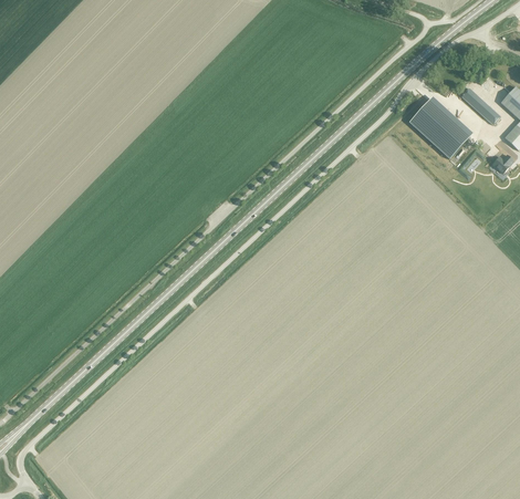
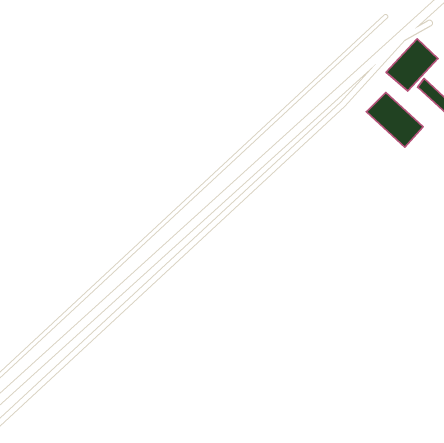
building: none -> [386,39,438,91]

